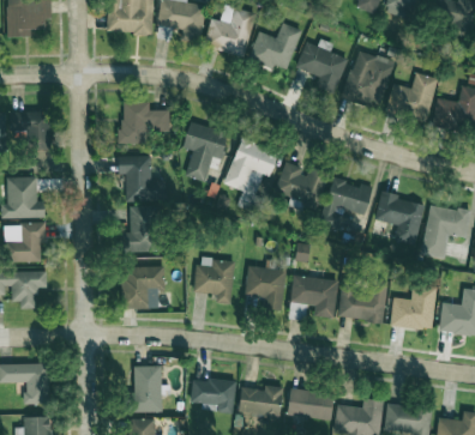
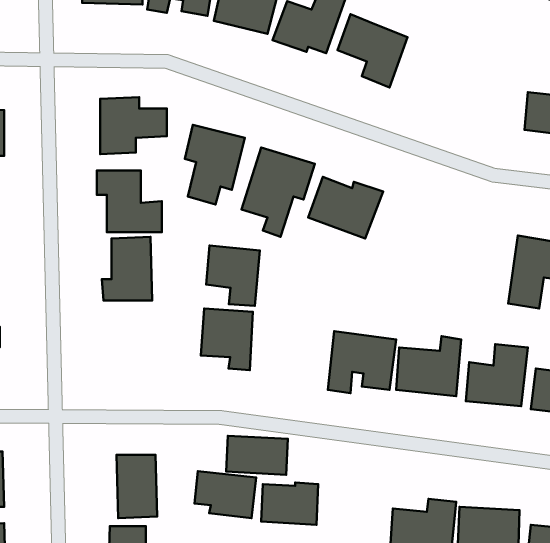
building: [343,49,395,108] -> none
building: [386,73,438,121] -> none
building: [319,177,373,230] -> none
building: [375,193,425,244] -> none
building: [122,266,166,309] -> none
building: [246,266,285,310] -> [206,246,260,306]
building: [288,389,333,418] -> [226,436,288,475]

